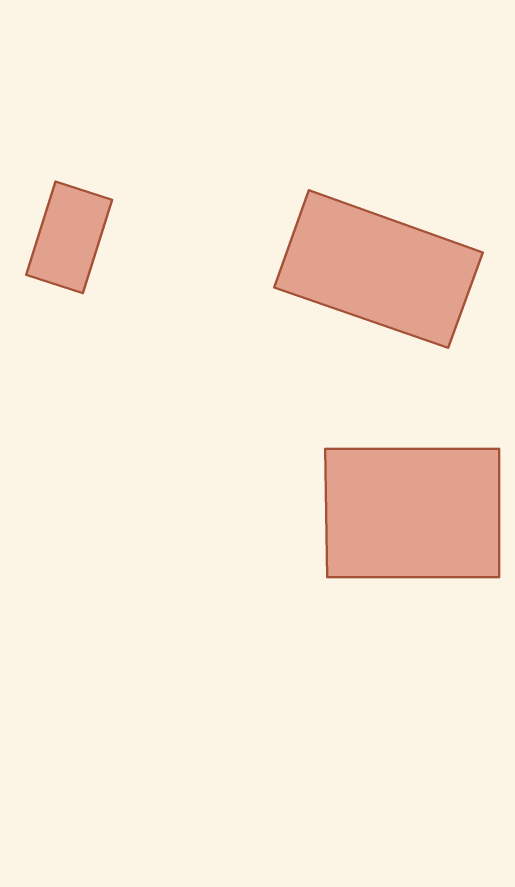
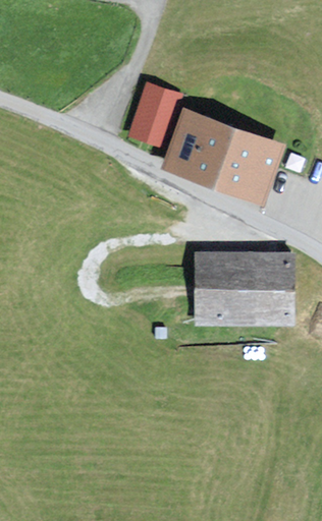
building: [26,181,112,293] -> [132,83,180,146]

